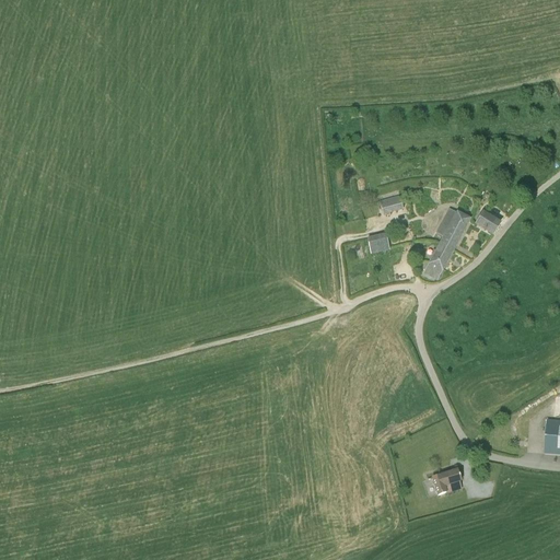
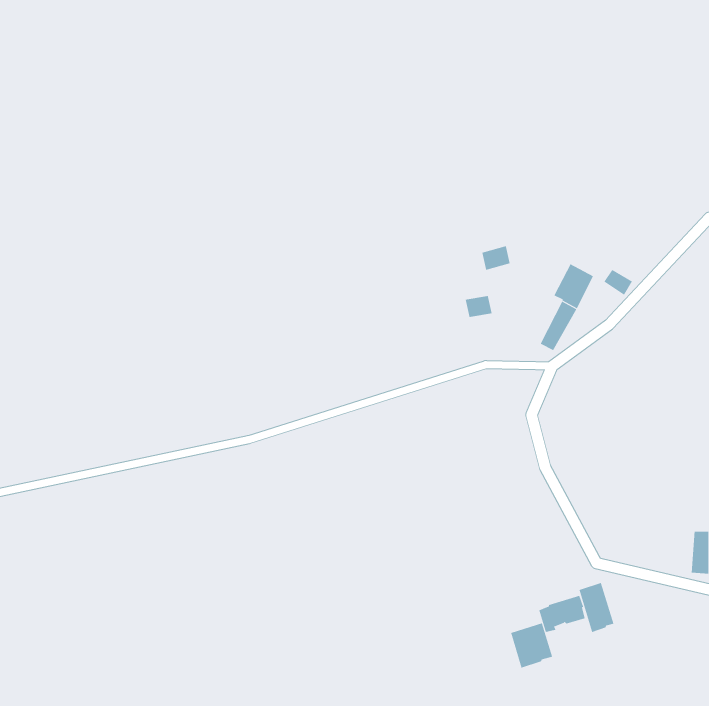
building: none -> [579,582,614,633]
building: none -> [511,623,553,668]

